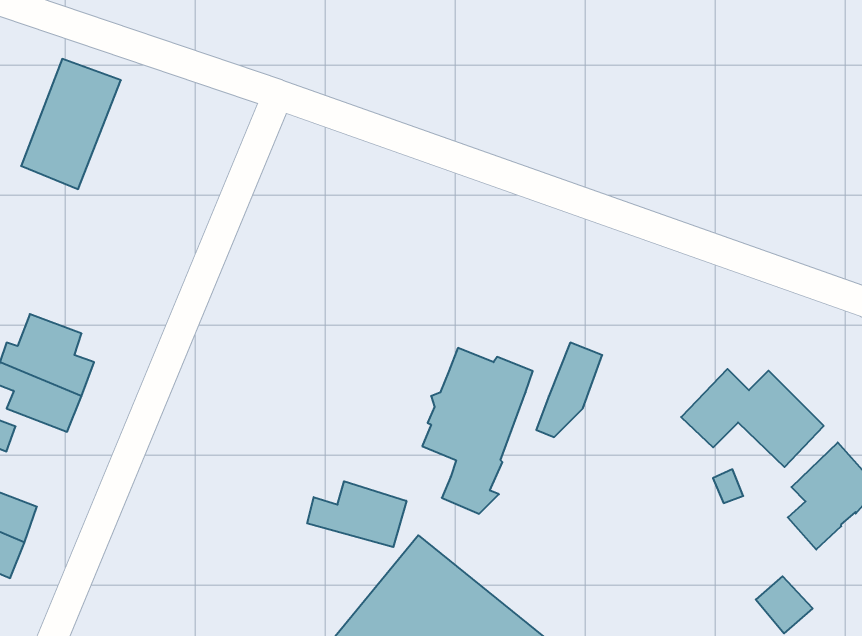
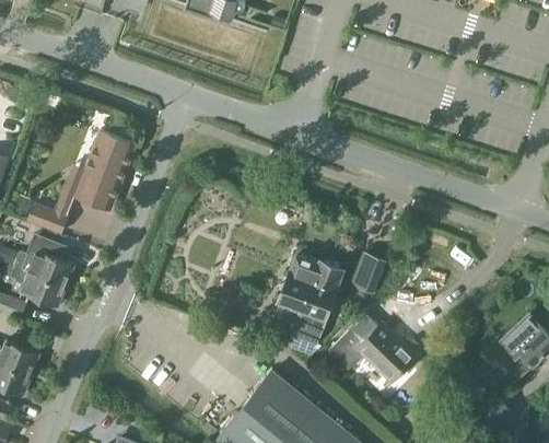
building: [21,59,121,189] -> [73,130,135,210]
building: none -> [26,203,66,233]
building: [681,369,824,467] -> [327,322,414,382]
building: [307,481,406,547] -> none

